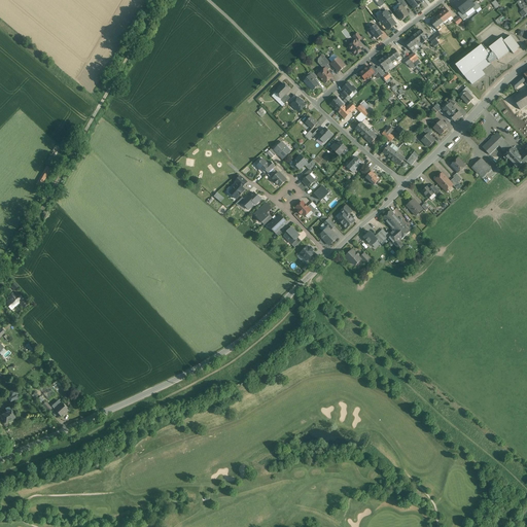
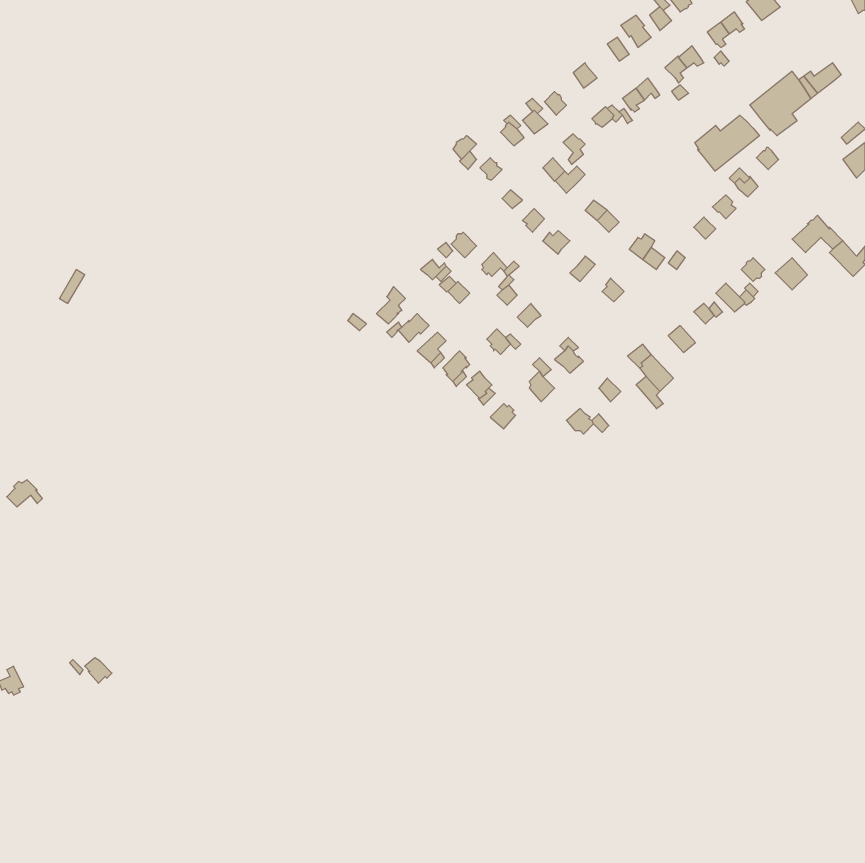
building: none -> [695,115,759,171]

